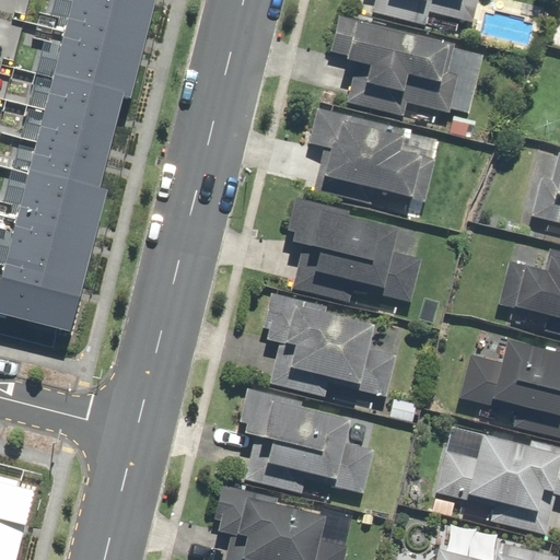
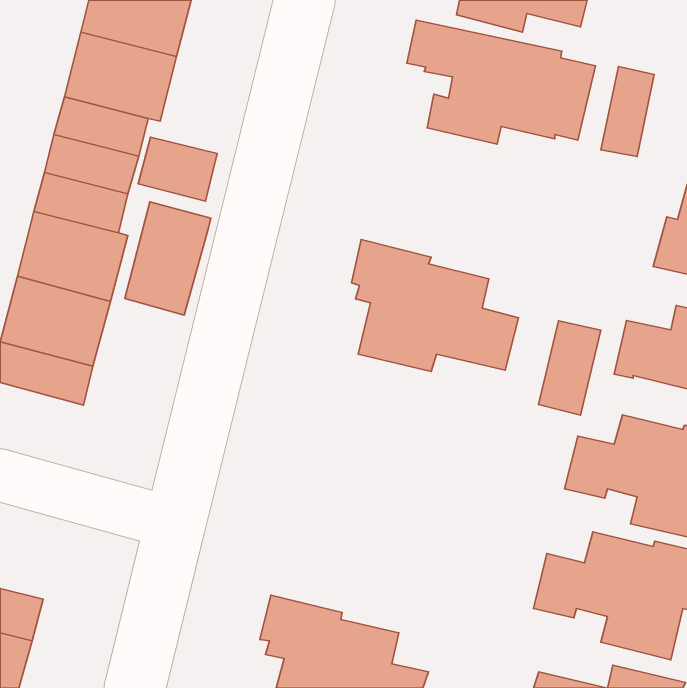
building: none -> [601,67,654,156]
building: [310,107,436,202] -> none
building: none -> [138,137,217,201]
building: none -> [125,202,211,315]
building: none -> [539,321,601,415]
building: [262,291,398,398] -> none
building: [238,386,375,493] -> none

